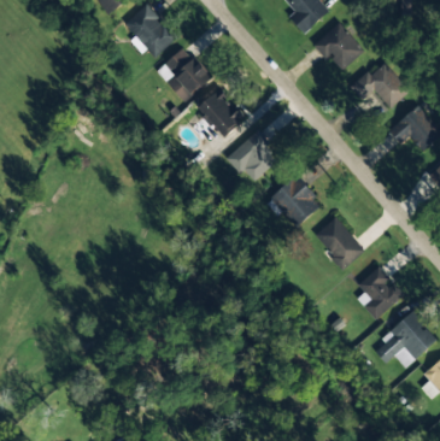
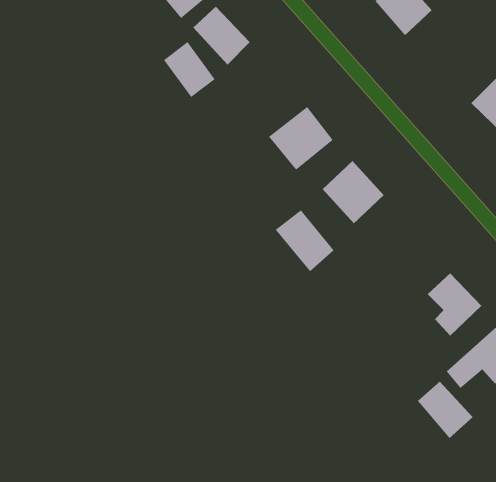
building: [350,59,409,107] -> none
building: [199,89,242,136] -> [163,41,215,98]
building: [313,217,363,269] -> [275,209,335,272]
building: none -> [417,381,473,439]

